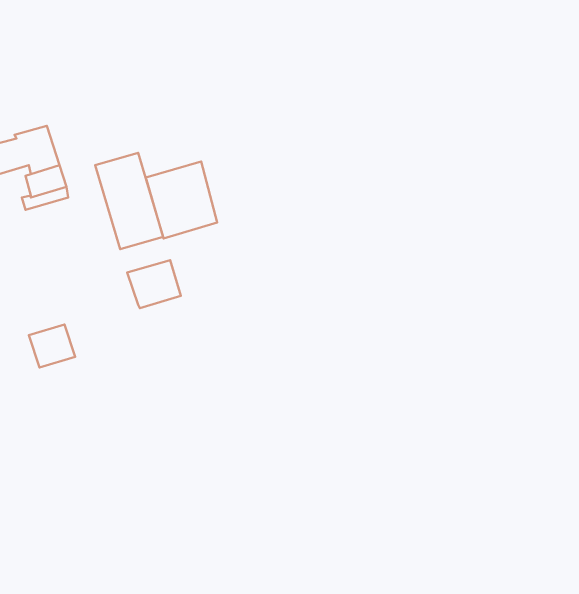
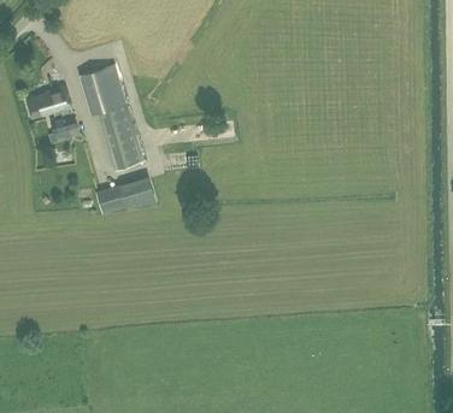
building: [146,162,217,238] -> [78,63,127,114]
building: [29,324,75,367] -> [95,184,127,213]

